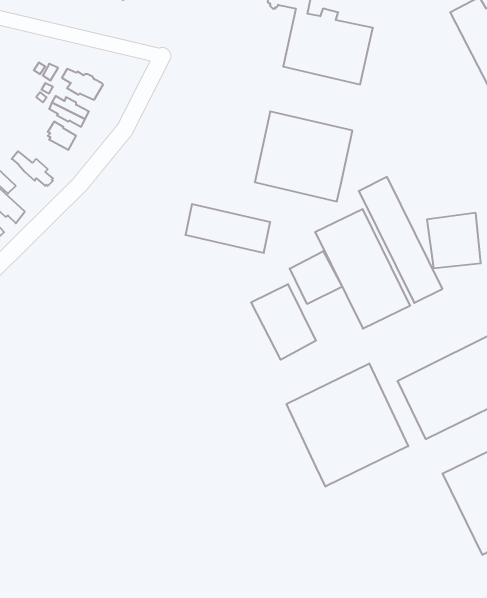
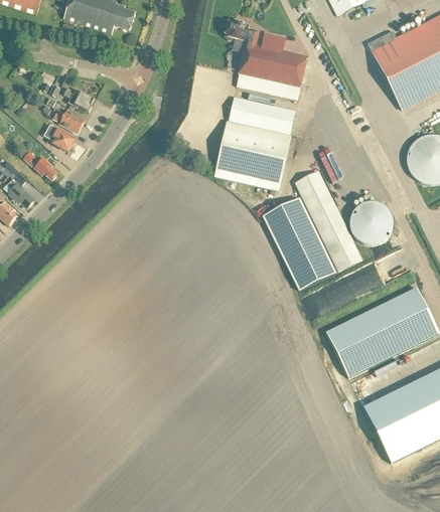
building: [185,204,270,253] -> [229,96,295,134]
building: [290,251,342,304] -> none
building: [251,284,316,360] -> none
building: [287,363,408,487] -> none

